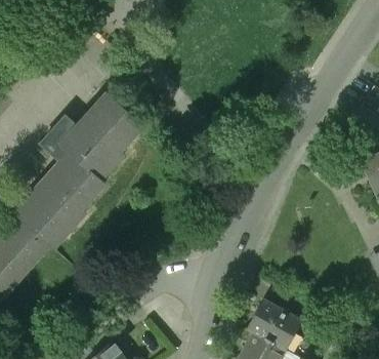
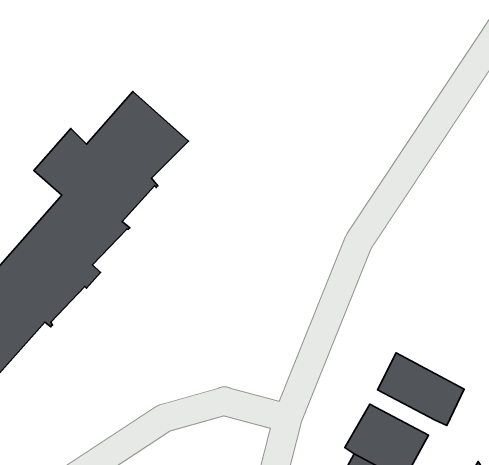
building: none -> [378,353,464,425]

